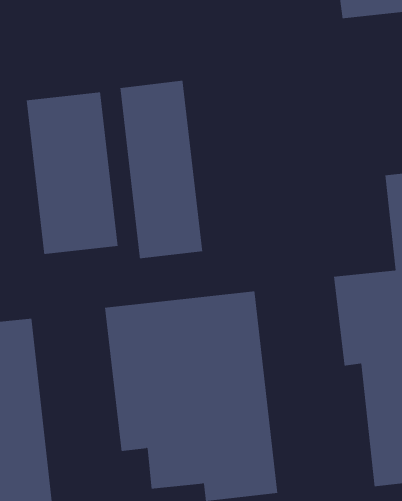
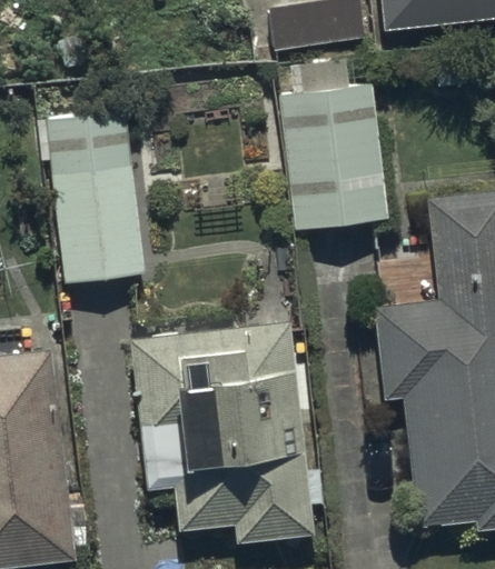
building: none -> [278,84,387,230]
building: [120,80,203,259] -> none

